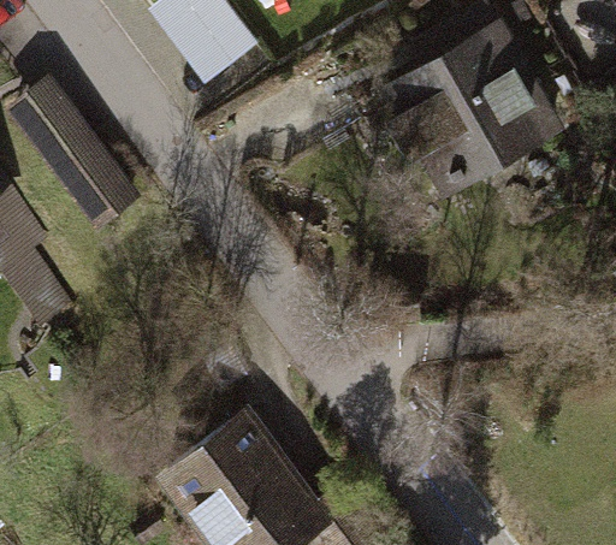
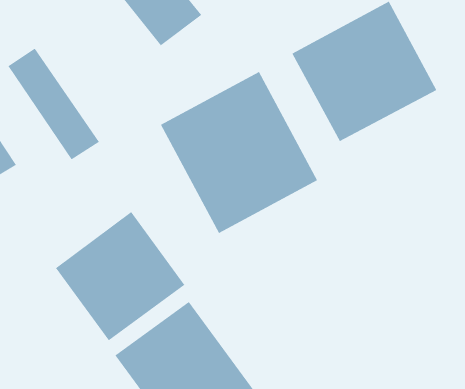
building: none -> [160,71,318,234]
building: none -> [55,211,185,341]

